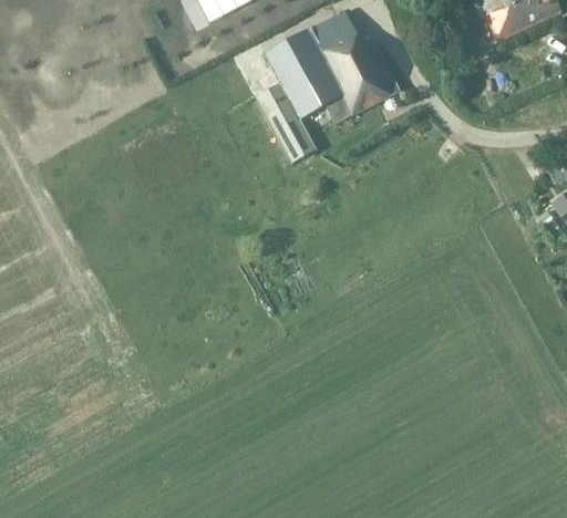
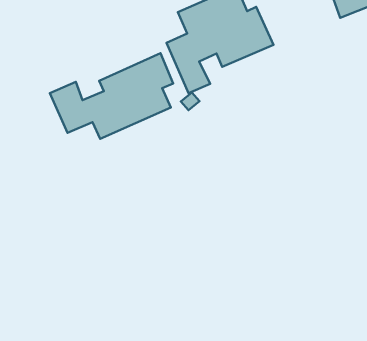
building: none -> [50,53,173,139]

